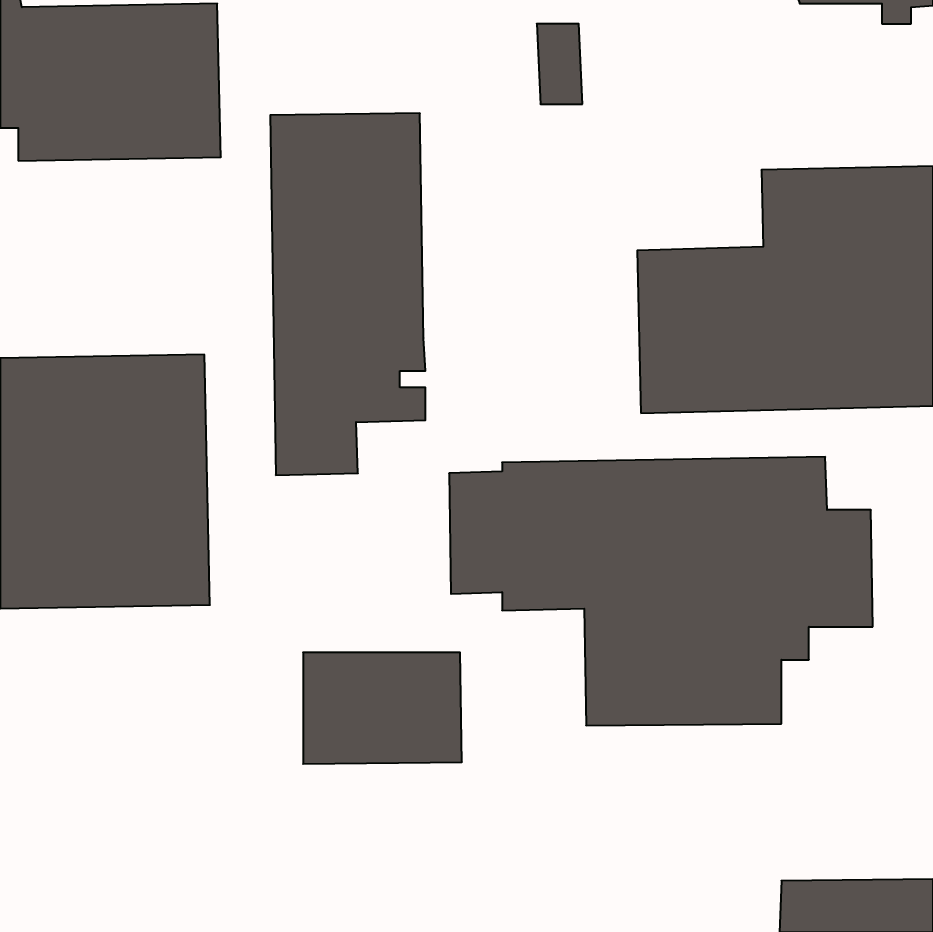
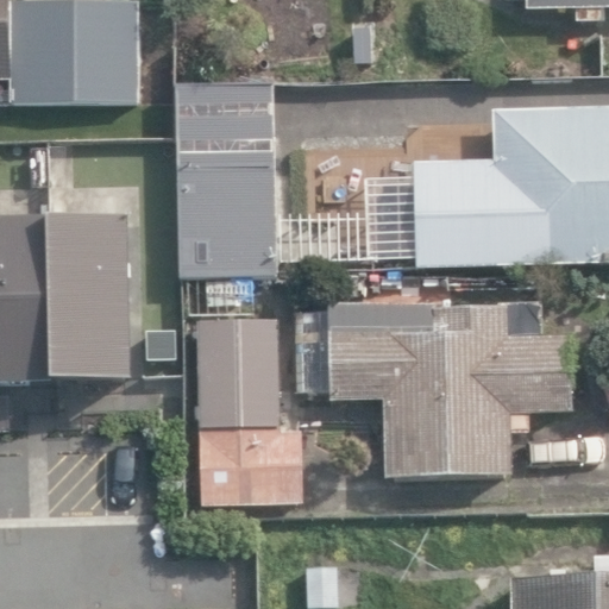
building: none -> [195,313,276,421]

